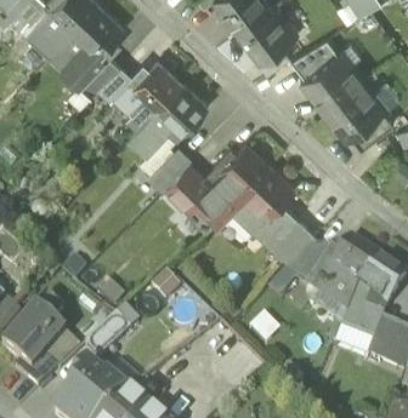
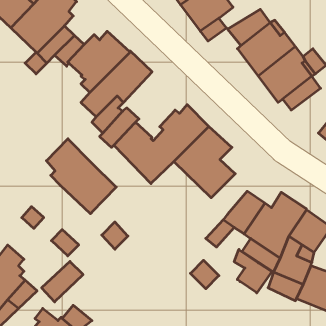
building: none -> [46,139,116,214]
building: [272,219,316,264] -> none
building: none -> [234,249,272,293]

